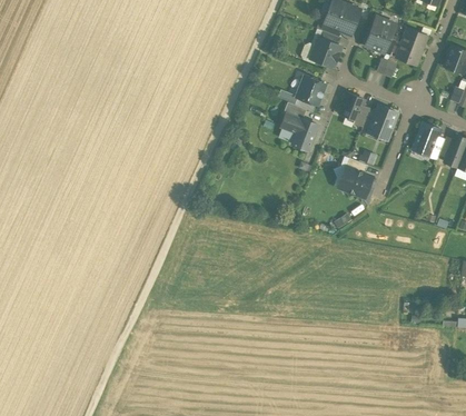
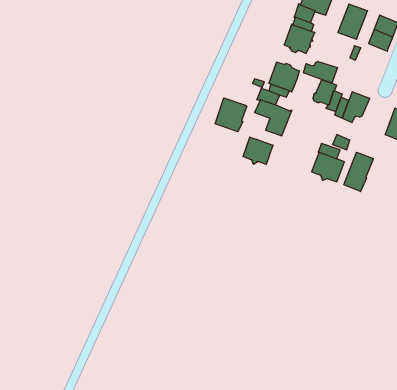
building: none -> [304,61,338,83]
building: none -> [215,98,247,132]
building: none -> [243,137,273,164]
building: none -> [344,152,373,192]

